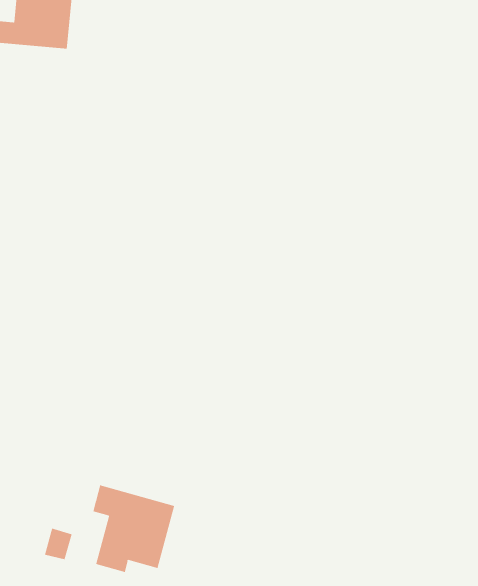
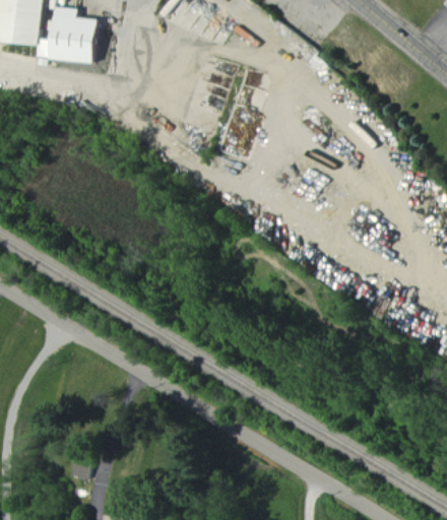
building: [93,485,175,573] -> none

